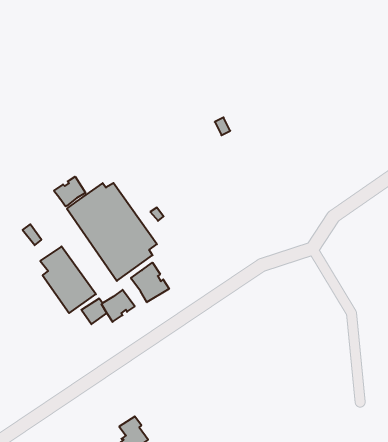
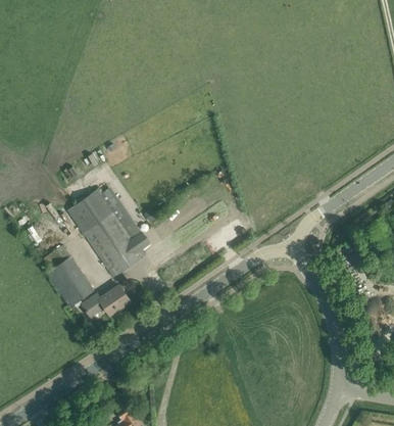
building: [54,177,85,206] -> none
building: [131,263,169,302] -> none

